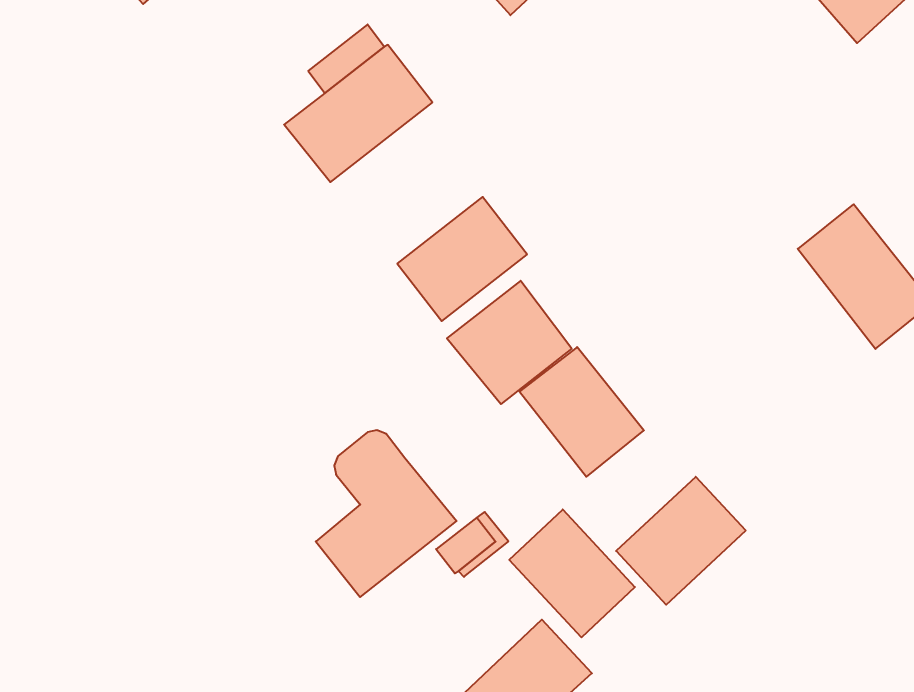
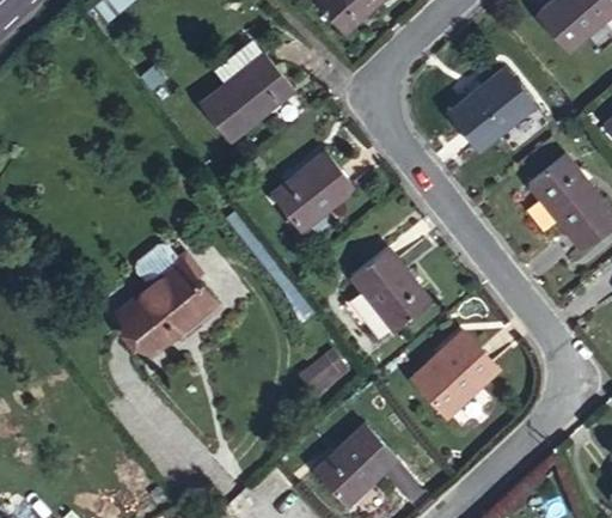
building: none -> [451,69,533,148]
building: [447,281,572,404] -> none
building: [316,430,457,597] -> [124,244,215,352]
building: [509,509,635,637] -> none

